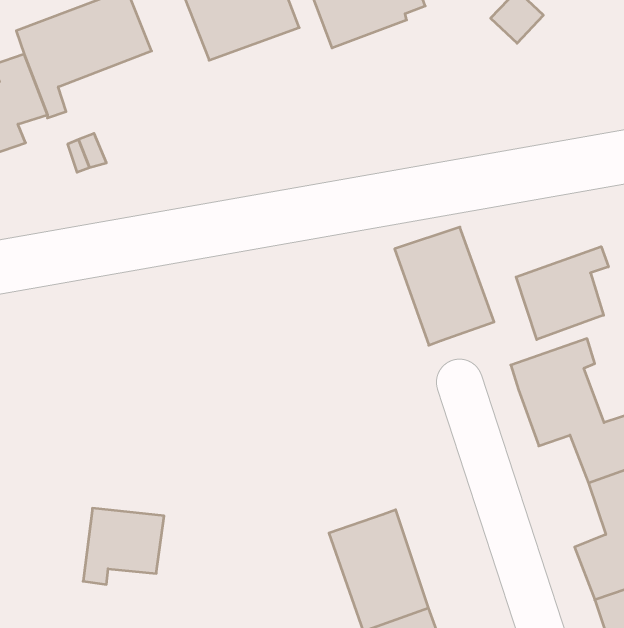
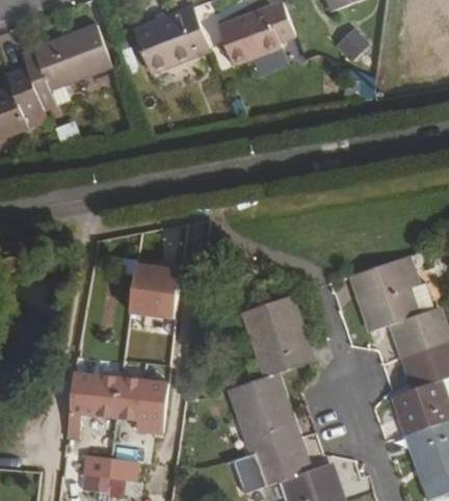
building: [395,227,494,345] -> [243,297,310,376]
building: [516,247,608,340] -> none
building: none -> [130,259,194,319]
building: none -> [114,377,167,432]

